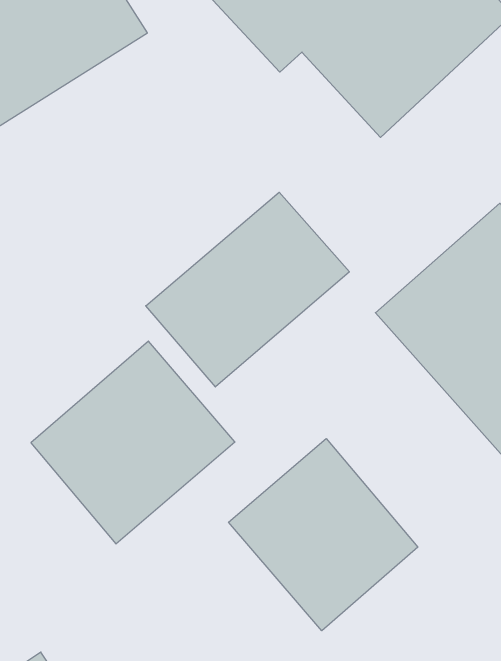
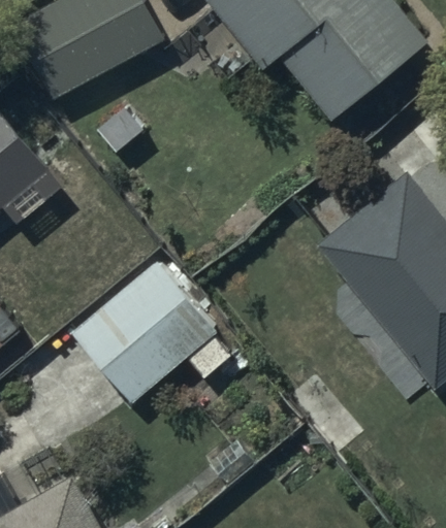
building: [146,192,349,387] -> none
building: [229,439,418,631] -> none

